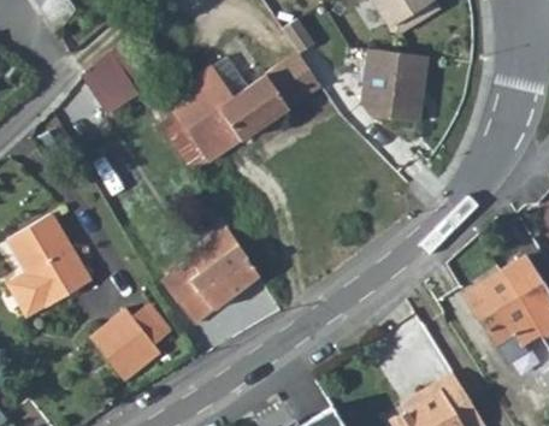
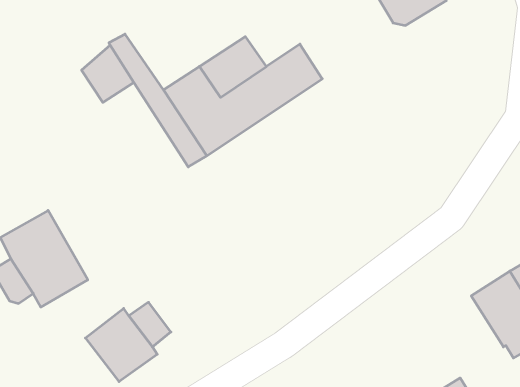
building: [360,49,429,123] -> none
building: [159,227,259,325] -> none

